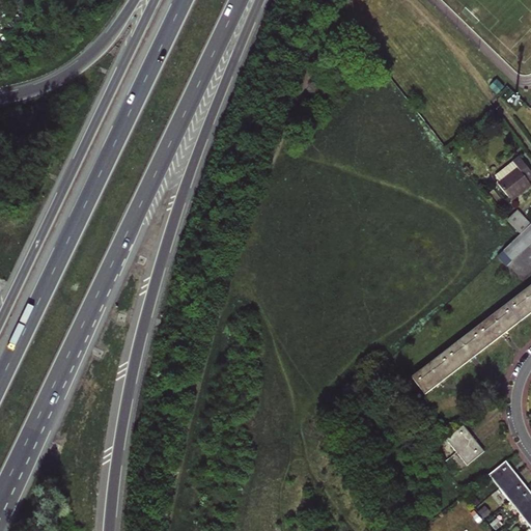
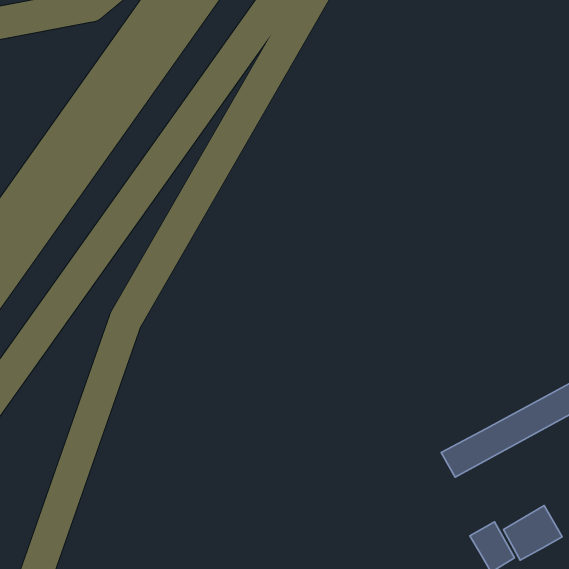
building: none -> [504,505,562,560]

